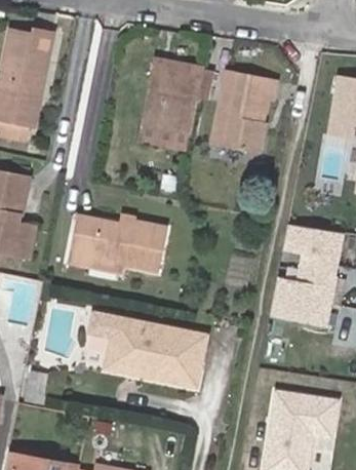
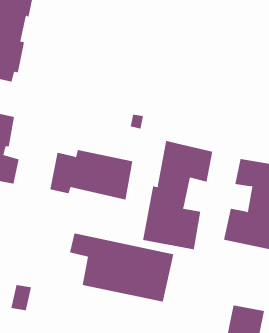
building: [140,57,204,149] -> none
building: [210,73,276,154] -> none
building: none -> [143,140,213,250]

